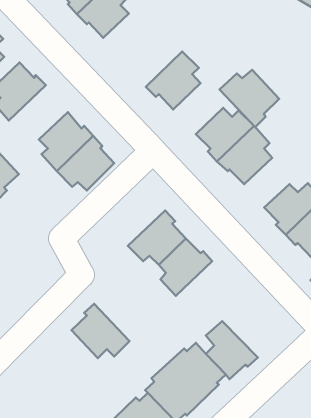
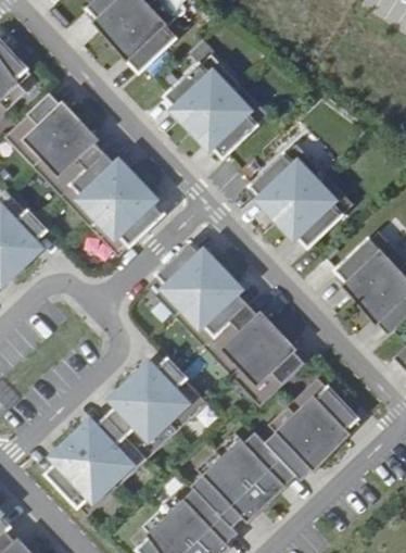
building: none -> [173,60,241,124]
building: [219,70,279,127] -> none
building: none -> [34,122,104,187]
building: none -> [155,244,220,314]
building: none -> [233,332,303,397]
building: none -> [136,359,201,428]
building: none -> [289,386,358,448]
building: none -> [48,415,143,507]

